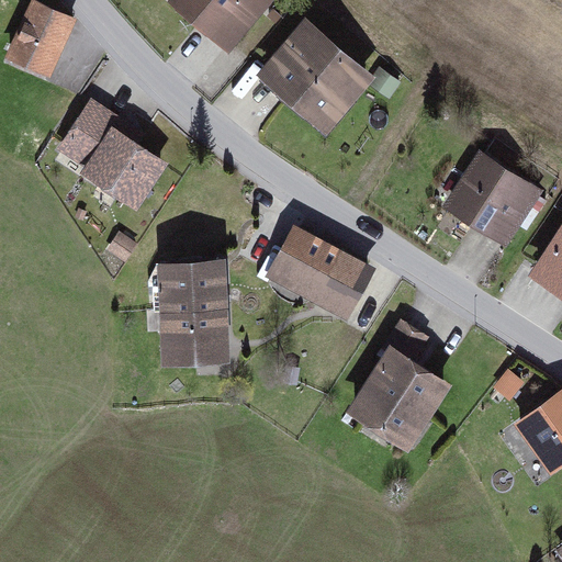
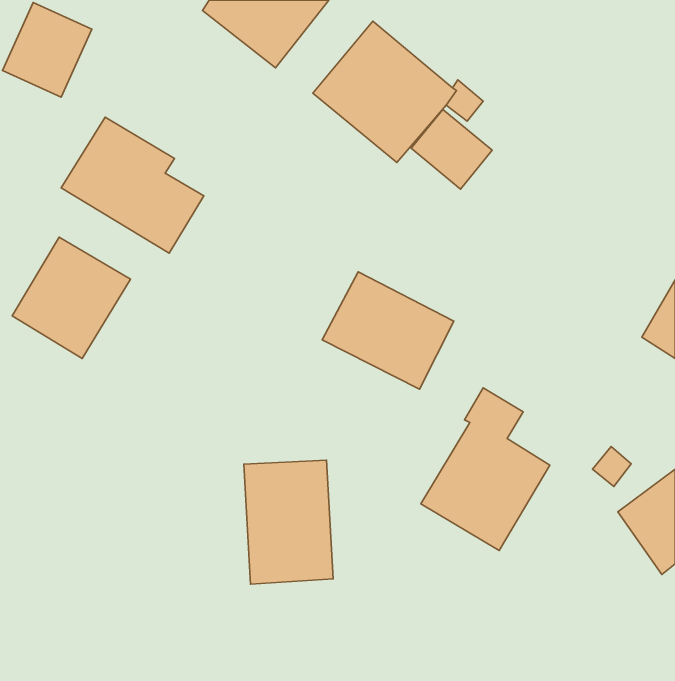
building: none -> [411,109,492,189]
building: [443,151,541,246] -> none
building: none -> [12,237,130,358]
building: [158,258,232,360] -> [244,460,333,584]

